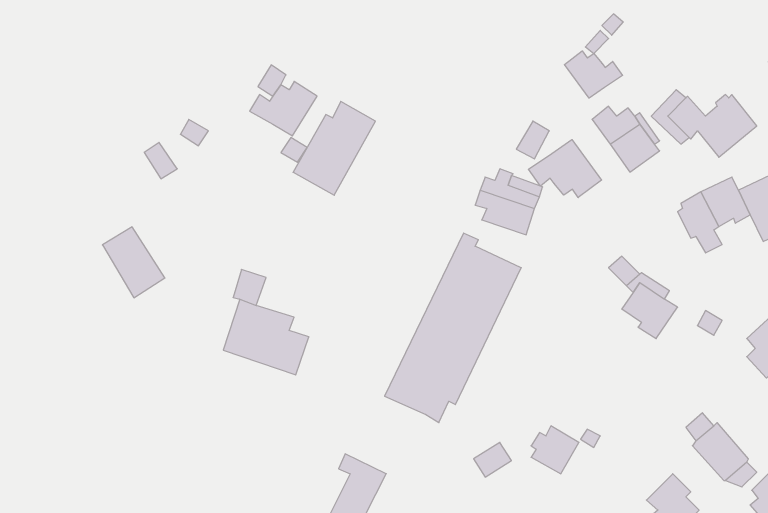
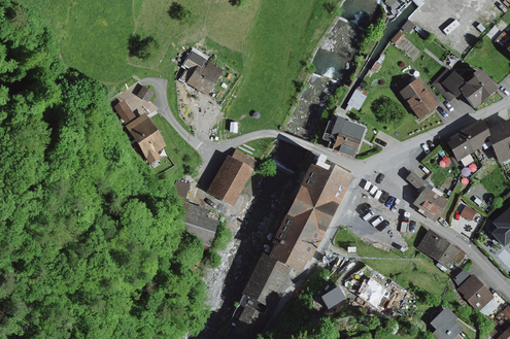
building: [564,51,623,98] -> none
building: [293,101,375,195] -> [207,147,259,206]
building: [528,140,602,198] -> none
building: [102,227,165,298] -> [127,113,166,158]
building: none -> [418,230,465,268]
building: none -> [241,253,292,306]

